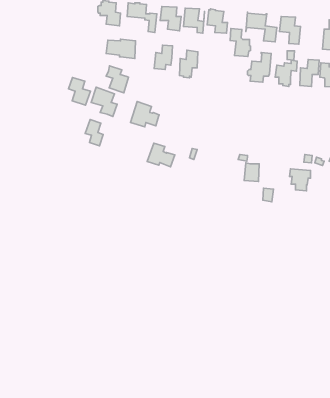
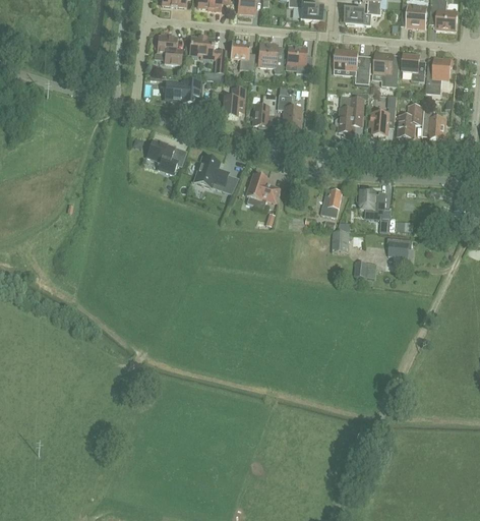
building: none -> [403,53,425,81]
building: [230,29,250,56] -> [278,94,302,127]
building: [106,66,129,93] -> none
building: [69,77,90,105] -> none
building: [85,120,103,146] -> none
building: none -> [356,187,392,233]
building: none -> [321,188,342,217]
building: [147,143,175,167] -> [246,173,280,201]

